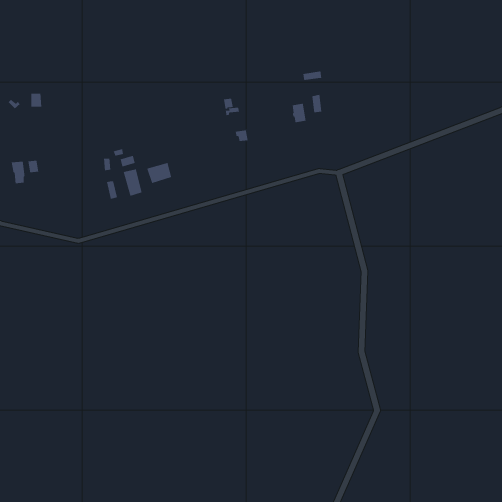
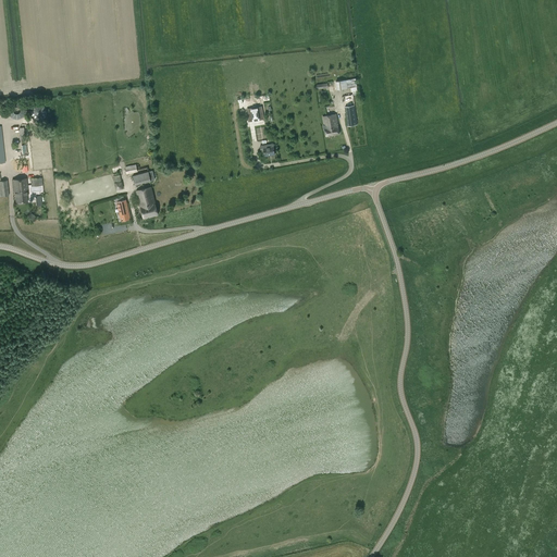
building: [147,162,172,184] -> none

